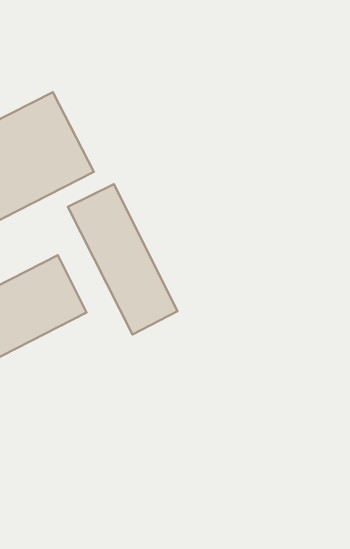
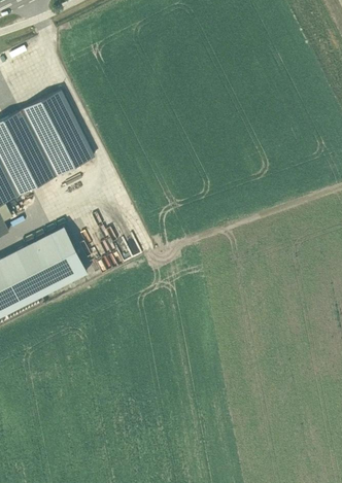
building: [68,184,178,334] -> none

